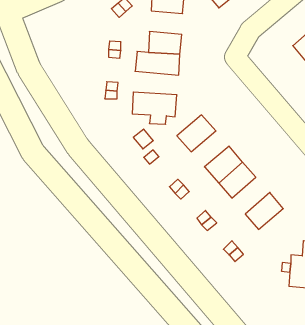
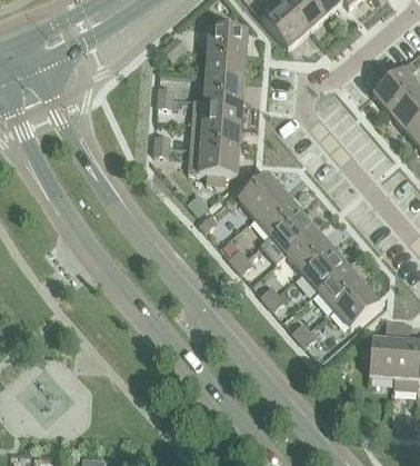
building: none -> [206,51,244,79]
building: none -> [187,122,240,150]
building: none -> [254,192,299,235]
building: none -> [302,247,347,290]
building: none -> [333,284,379,327]

